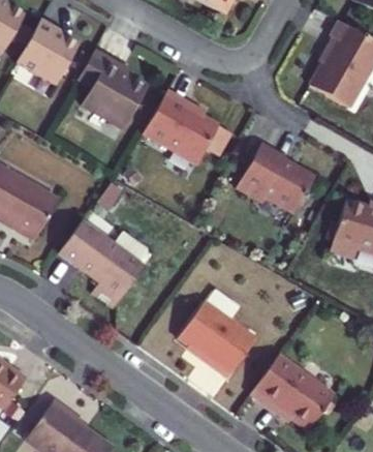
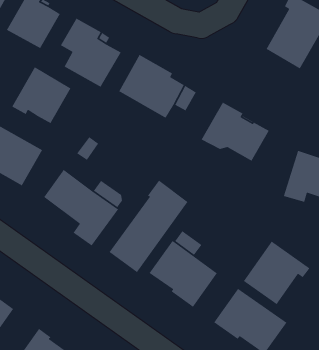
building: none -> [11,66,72,124]
building: none -> [109,179,189,273]
building: none -> [243,241,310,305]

